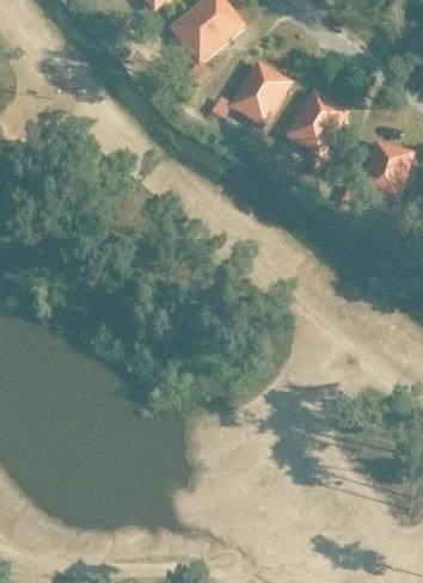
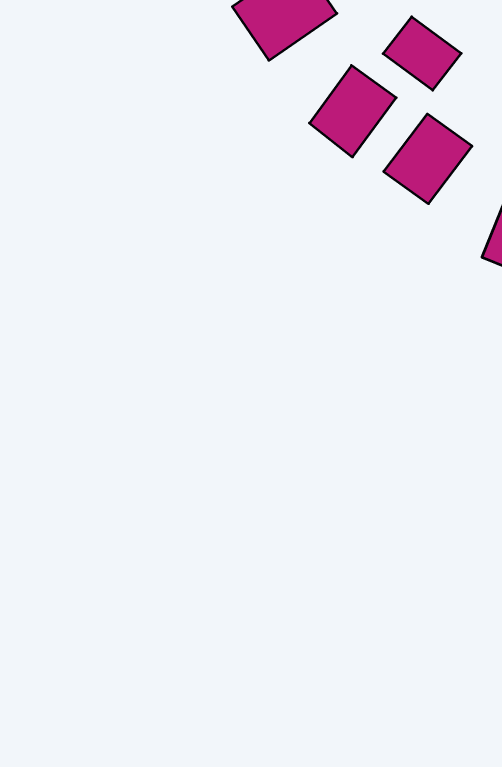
building: none -> [383,17,461,90]

